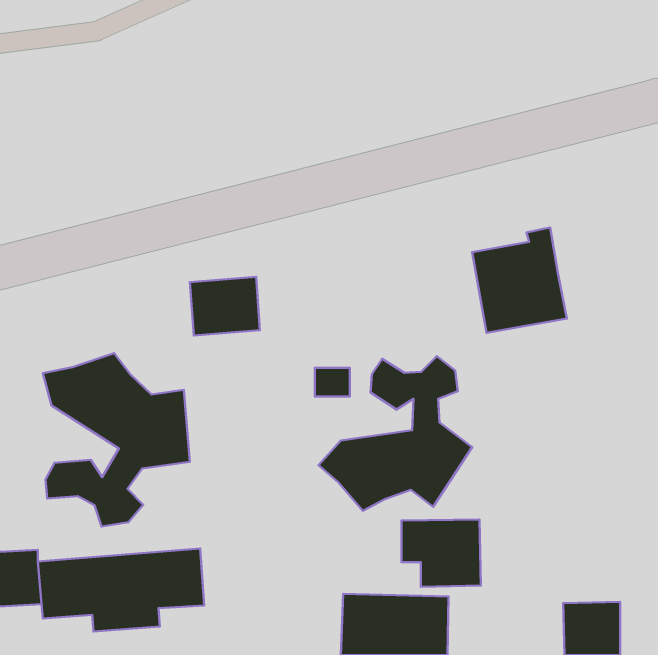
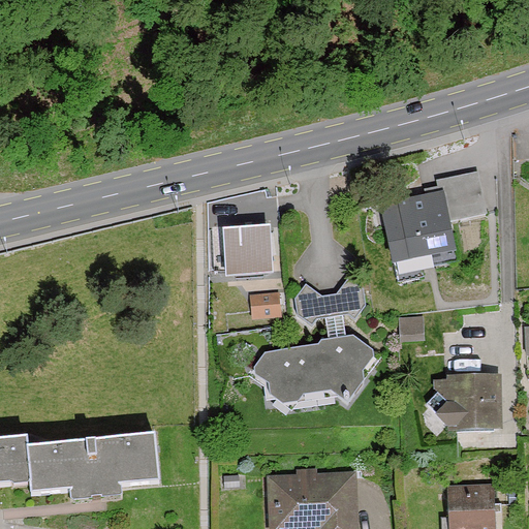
building: none -> [431,166,483,217]
building: [190,277,260,335] -> [223,228,279,275]
building: [43,353,190,527] -> none
building: [401,519,481,587] -> [434,369,497,423]

